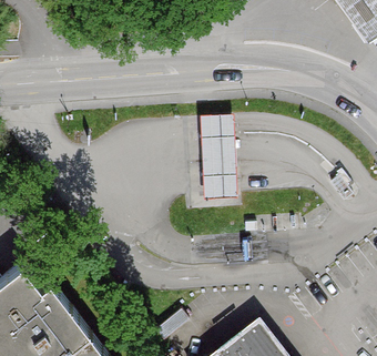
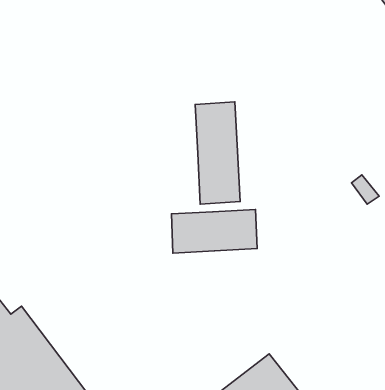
building: none -> [171,209,257,253]

